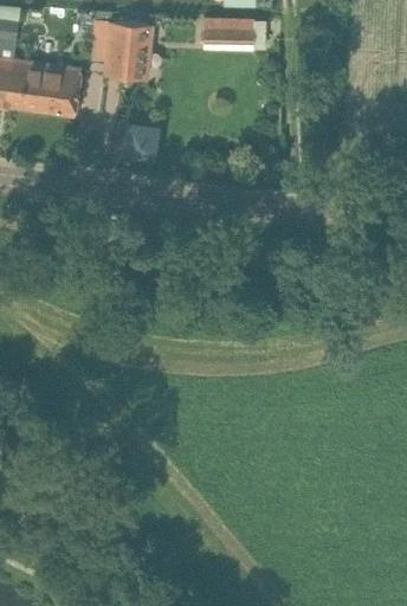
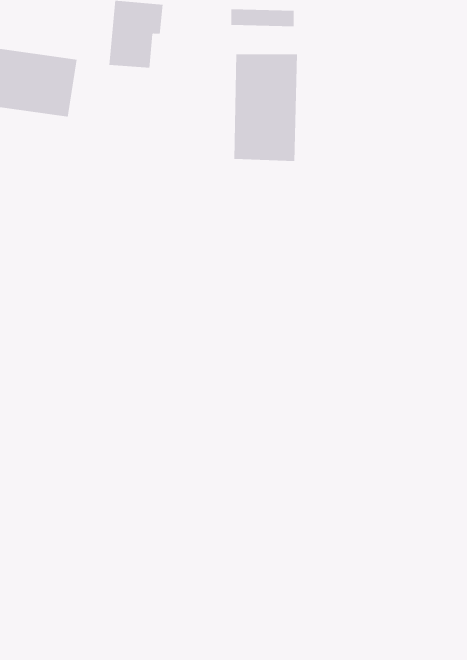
building: none -> [234,53,297,162]
building: [116,121,156,160] -> none

